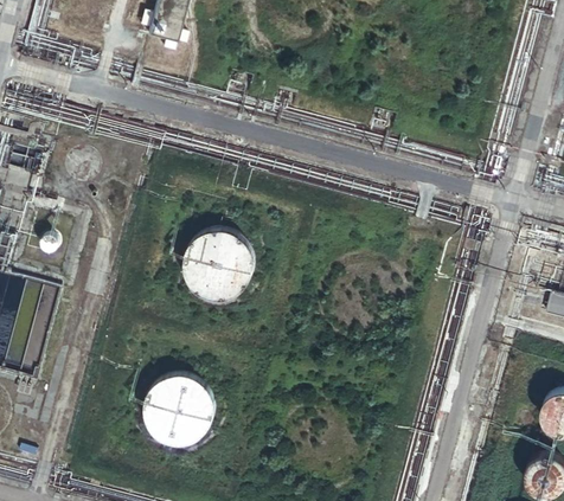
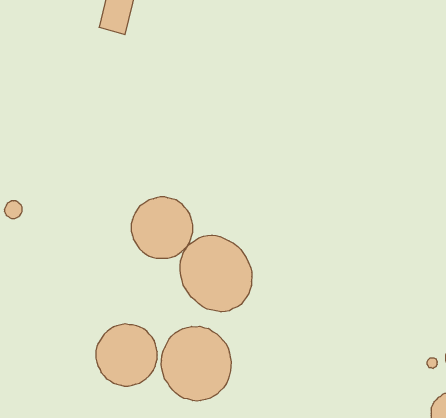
building: none -> [180,235,252,312]
building: none -> [161,326,231,401]

